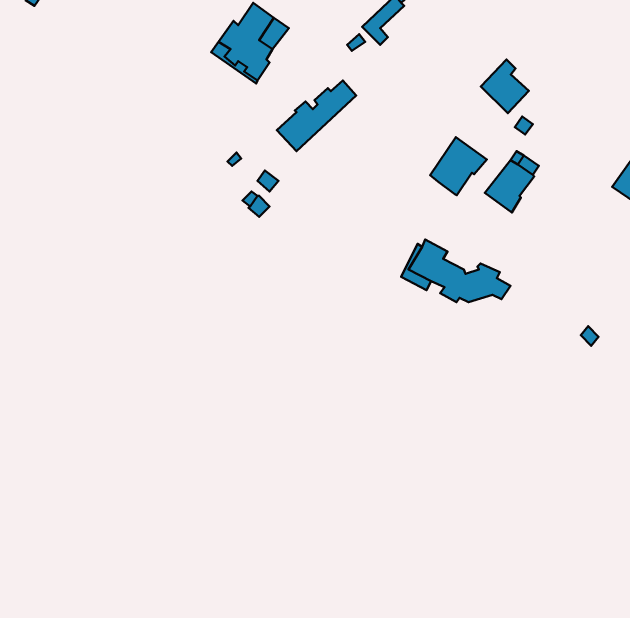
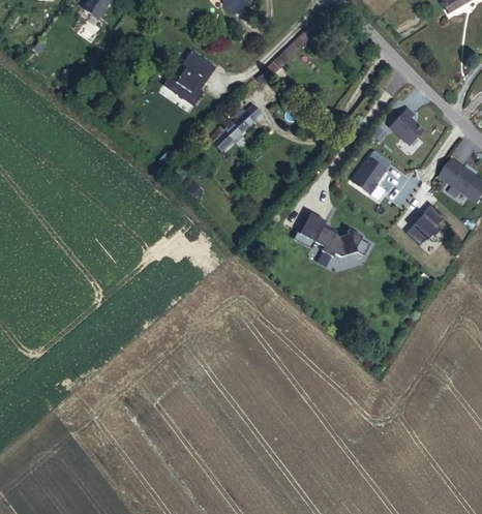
building: [481,59,529,113] -> [390,108,423,145]
building: [430,137,487,195] -> none
building: none -> [408,204,445,245]

